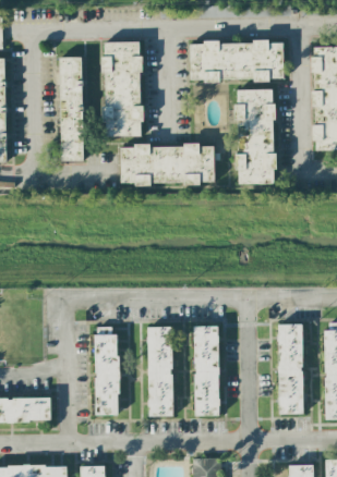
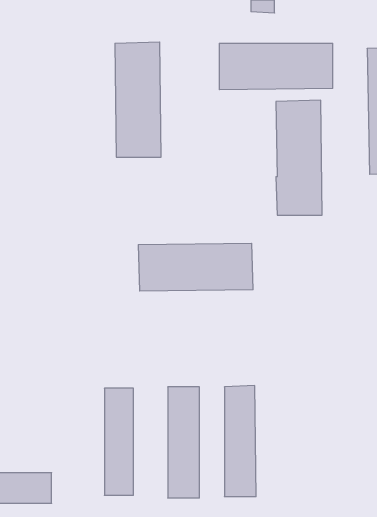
building: [60,57,84,161] -> none
building: [120,145,215,184] -> [138,243,253,291]
building: [278,322,304,414] -> none

